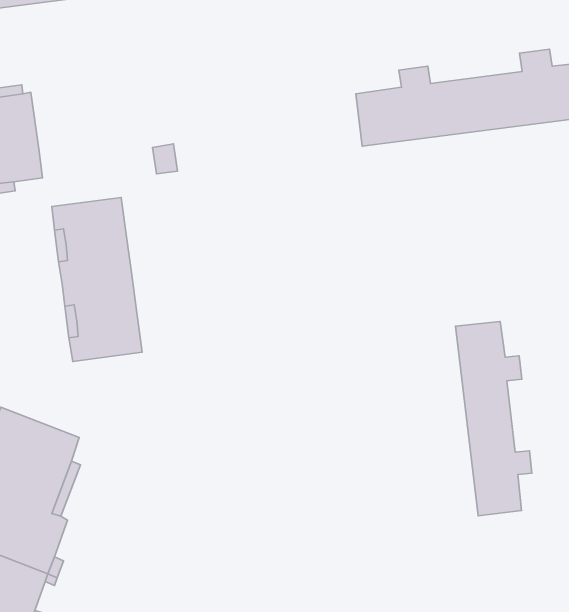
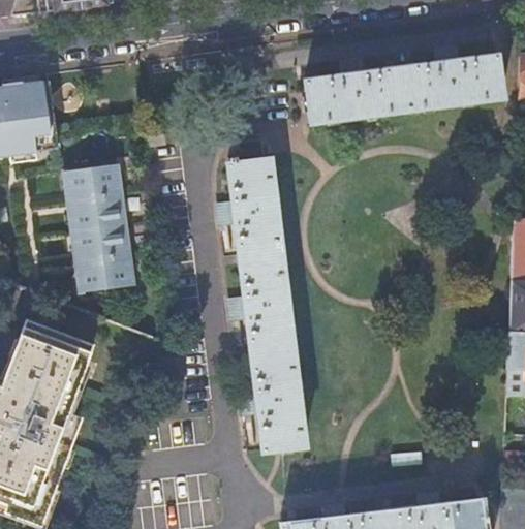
building: none -> [227,138,304,450]
building: [456,321,532,516] -> none

